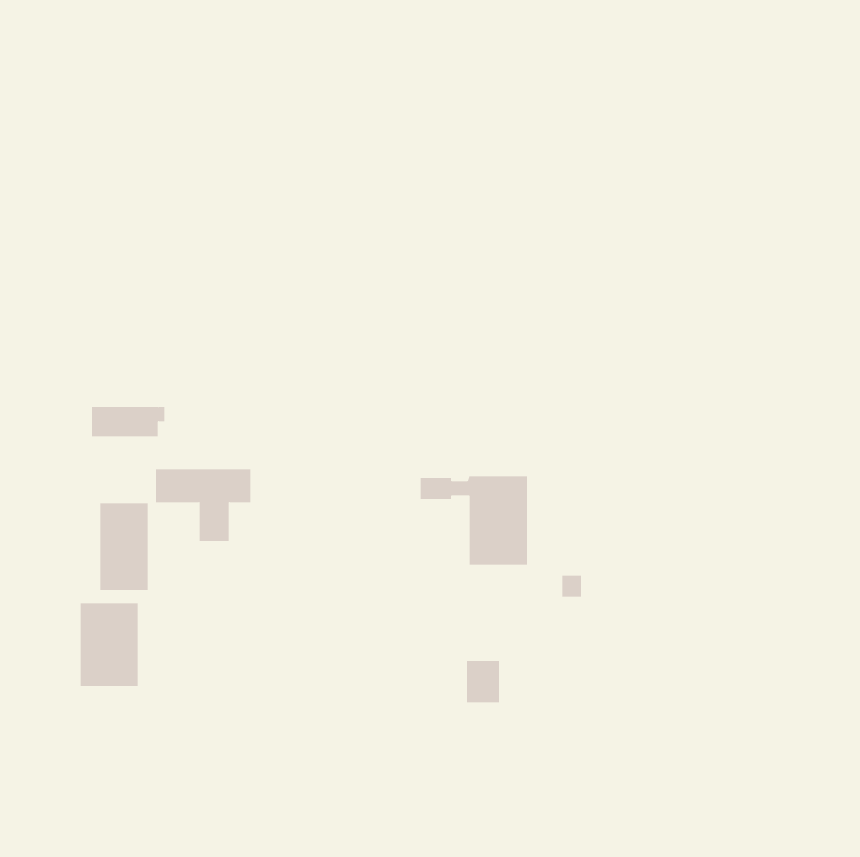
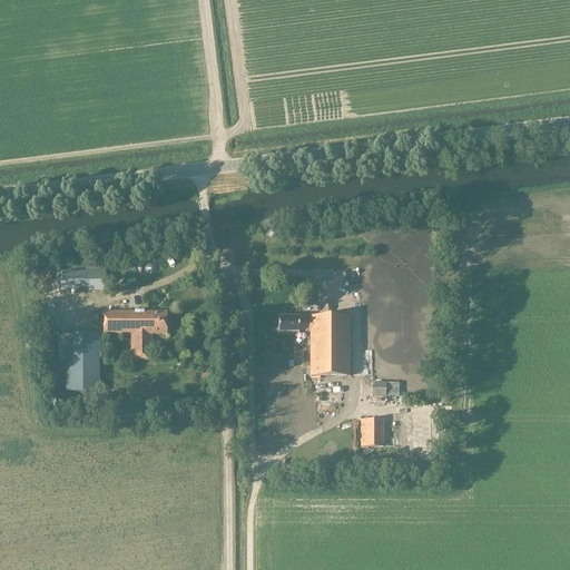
building: [80,603,138,687] -> none
building: [466,661,500,703] -> [361,416,383,444]

